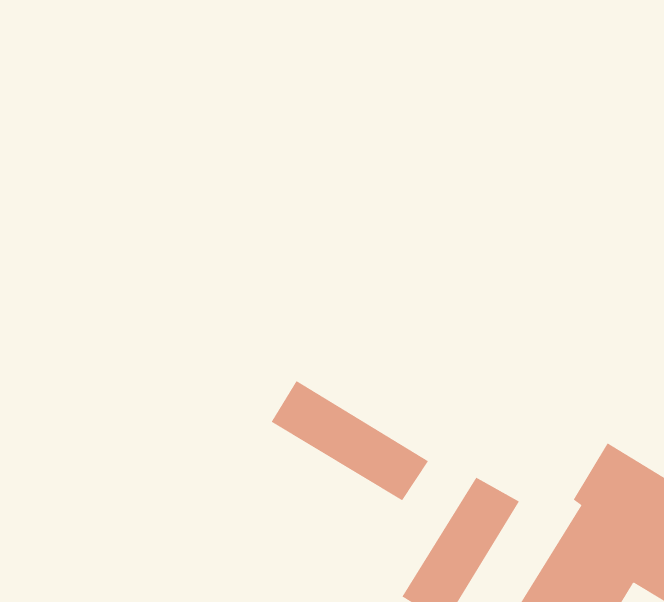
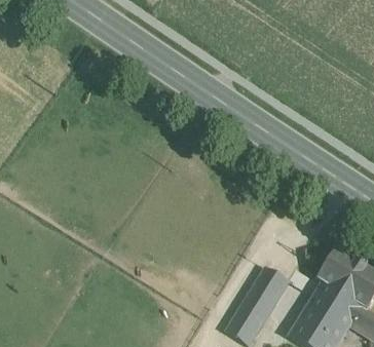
building: [271,380,429,501] -> none

